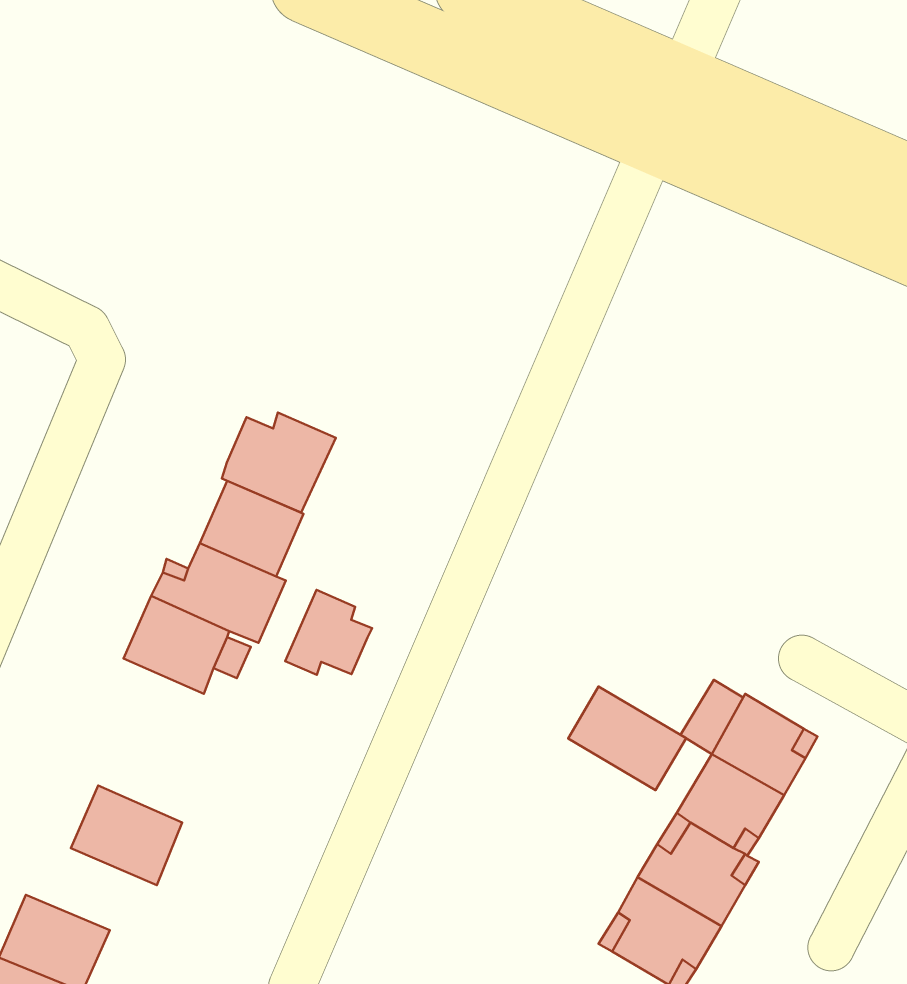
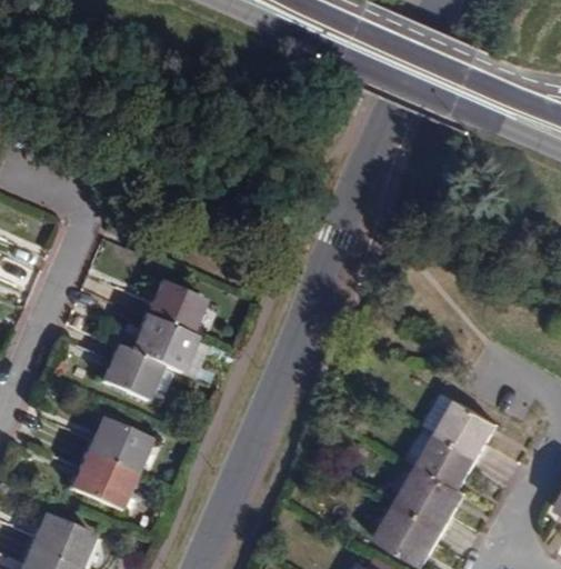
building: [222,412,336,513] -> none
building: [285,590,372,675] -> none
building: [568,686,686,790] -> none
building: none -> [88,416,151,472]

